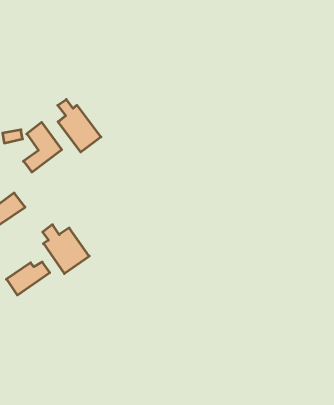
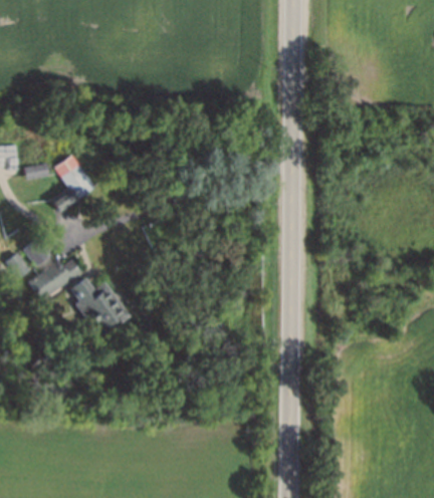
building: [58,99,101,152] -> none
building: [6,262,50,295] -> [30,258,82,298]

